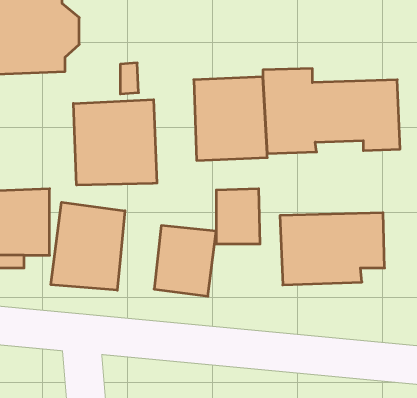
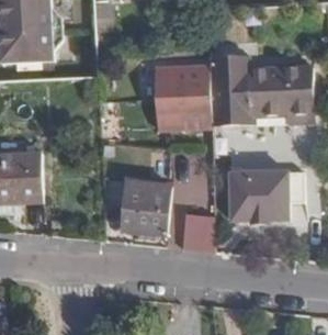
building: [73,100,157,185] -> none
building: [51,202,125,290] -> none
building: none -> [181,214,216,252]

